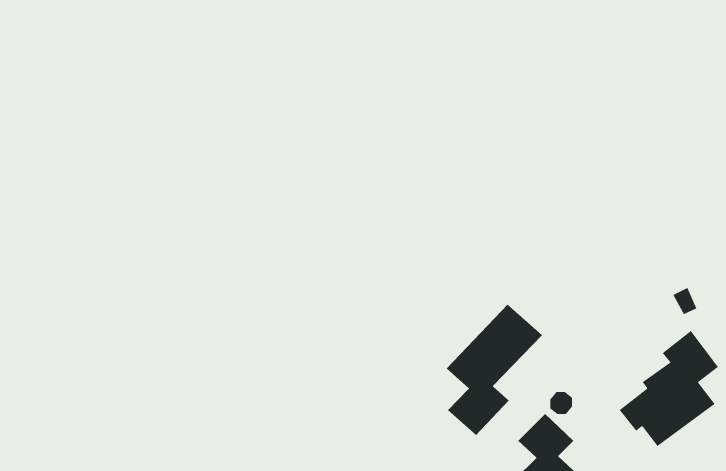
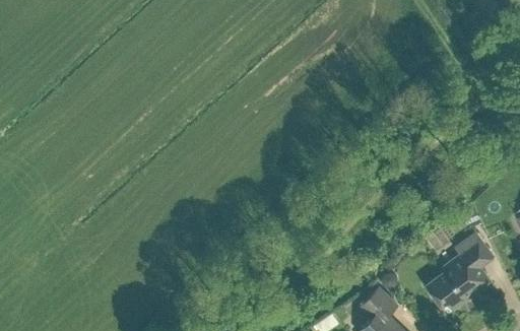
building: [446,304,543,436] -> none

